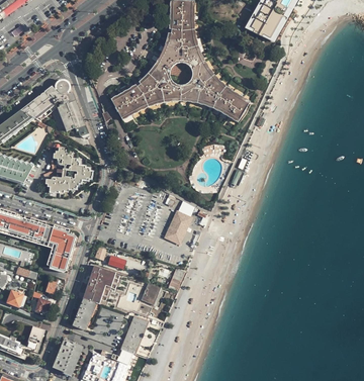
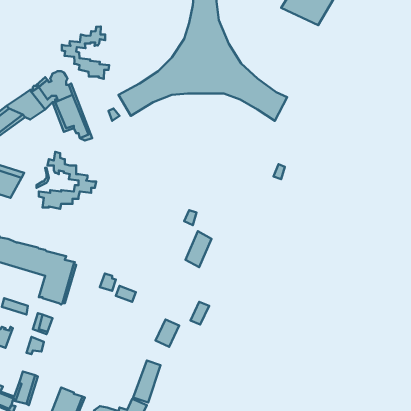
building: none -> [62,27,109,79]
building: [73,264,115,328] -> none

